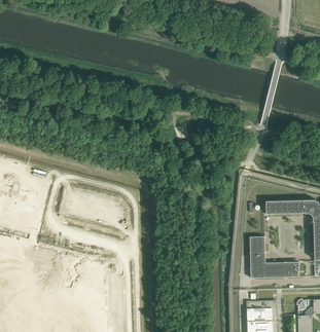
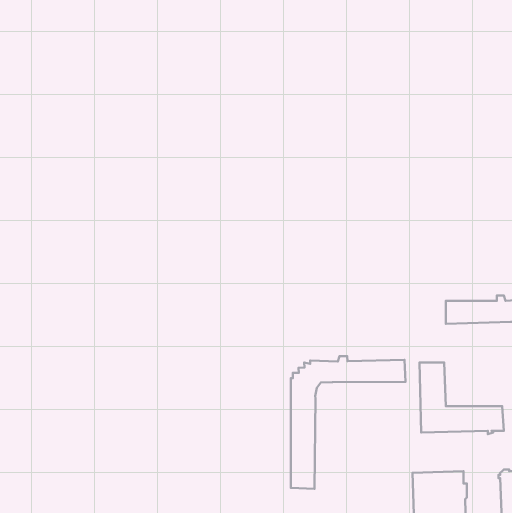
building: none -> [291,356,405,489]

